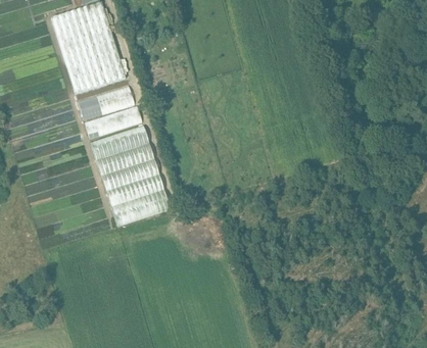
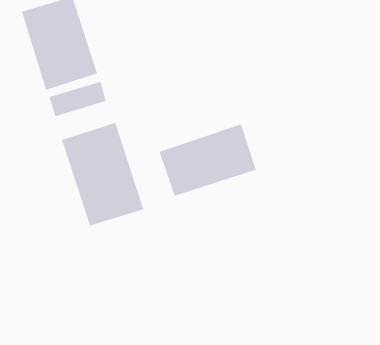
building: [84,104,142,138] -> none
building: none -> [159,123,256,197]

